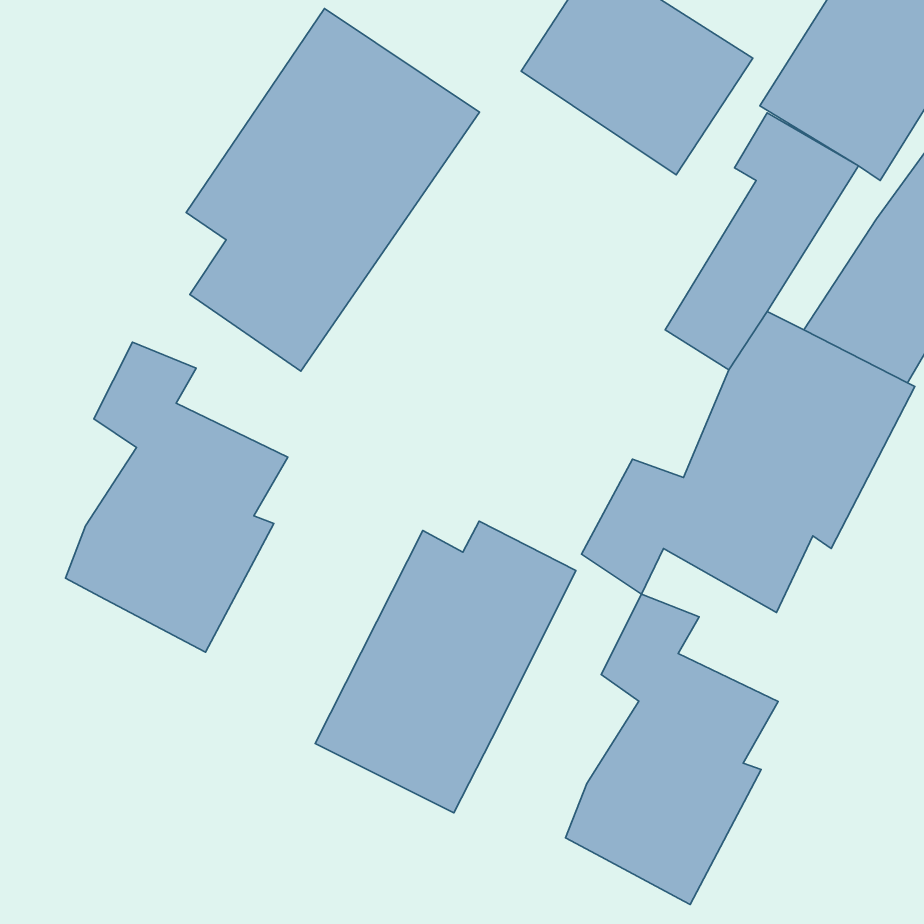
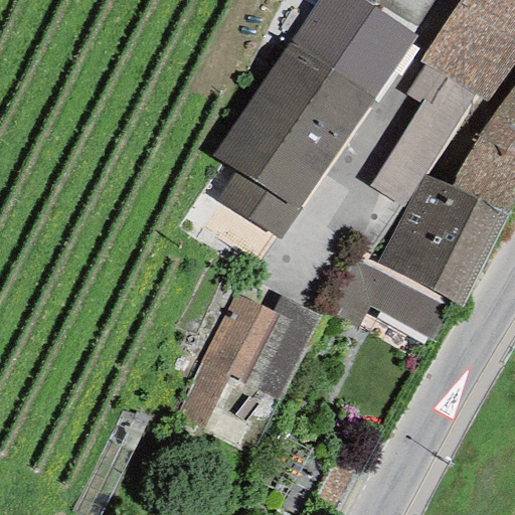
building: [186,8,480,371] -> [215,39,377,239]
building: [66,342,288,652] -> none
building: [565,594,778,905] -> none

